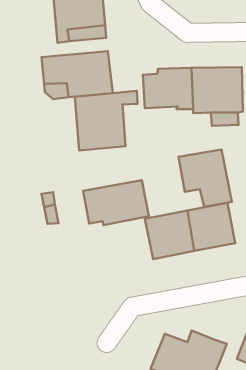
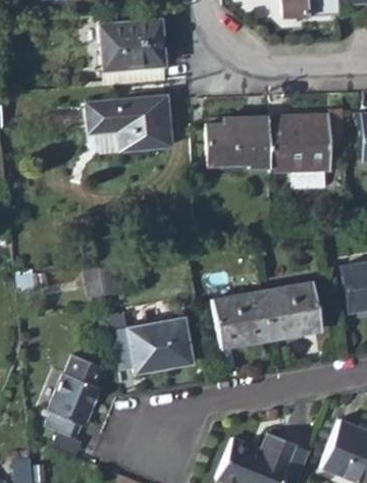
building: [75,91,137,150] -> none
building: [178,150,232,207] -> none
building: [83,180,149,225] -> [111,318,191,373]
building: none -> [47,356,105,439]

